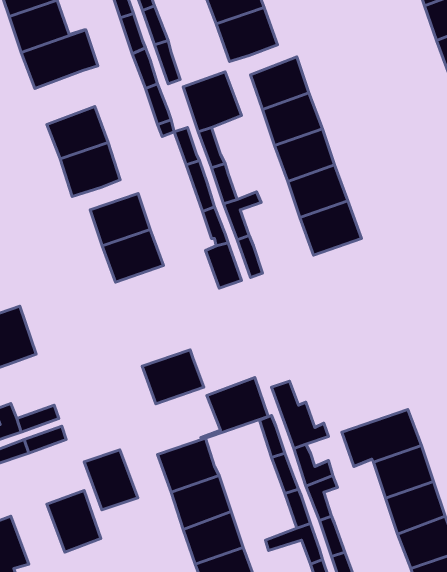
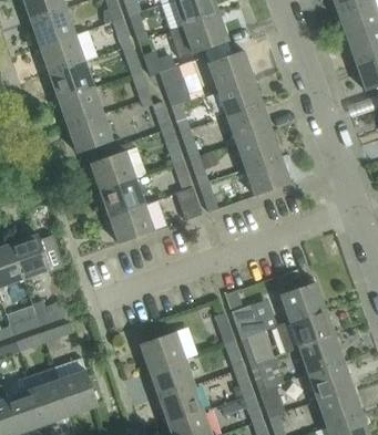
building: none -> [49,59,93,99]
building: [142,350,204,404] -> [109,203,154,242]
building: [201,378,268,439] -> [275,280,325,325]
building: [84,450,138,510] -> [31,379,71,423]

